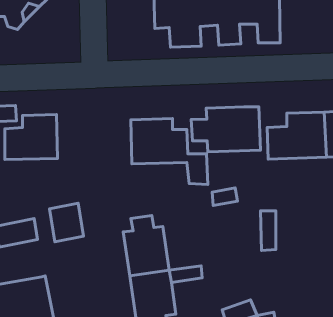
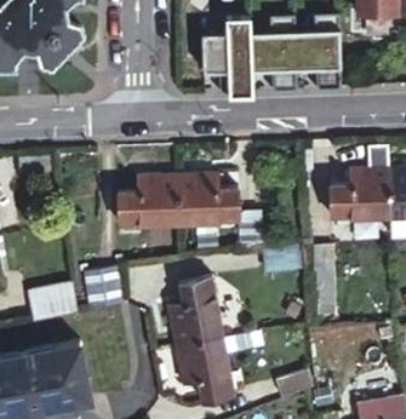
building: [191,107,261,152] -> none
building: [5,114,58,160] -> [120,172,178,222]

